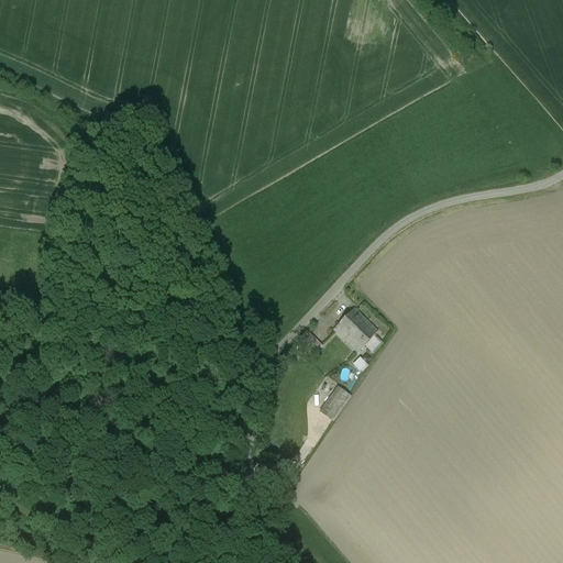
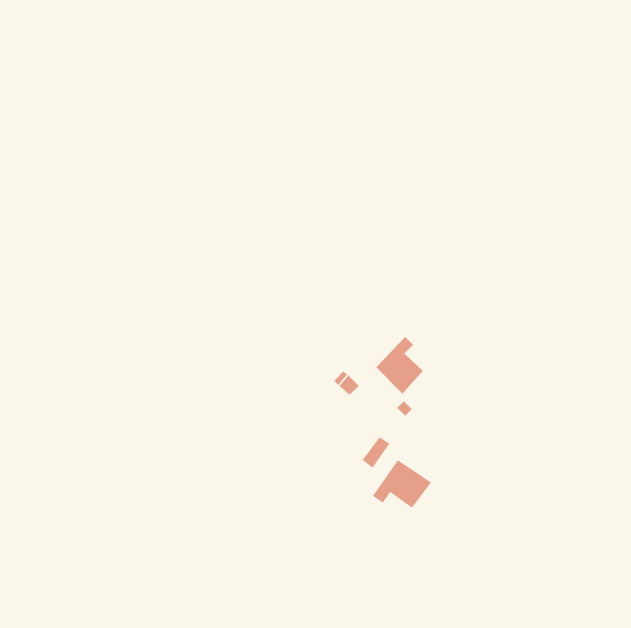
building: none -> [372,459,432,509]

